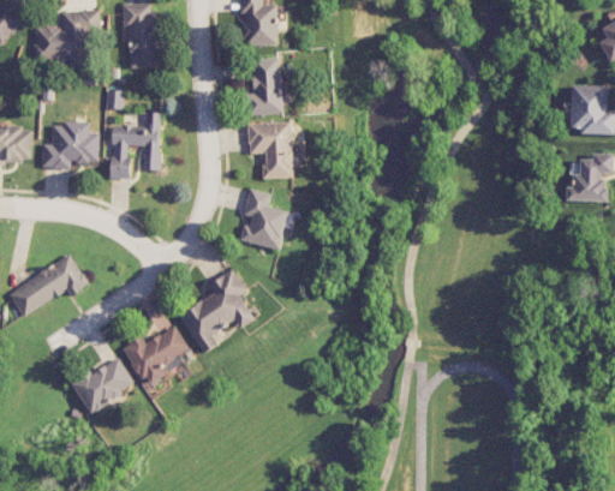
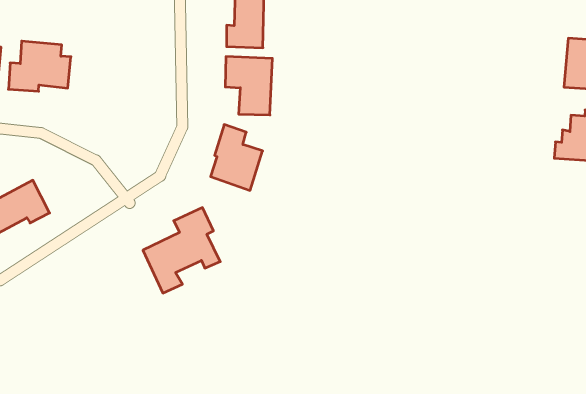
building: [109,112,159,178] -> none
building: [123,325,192,383] -> none
building: [71,355,135,413] -> none

